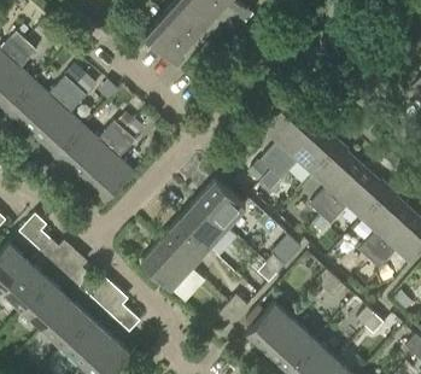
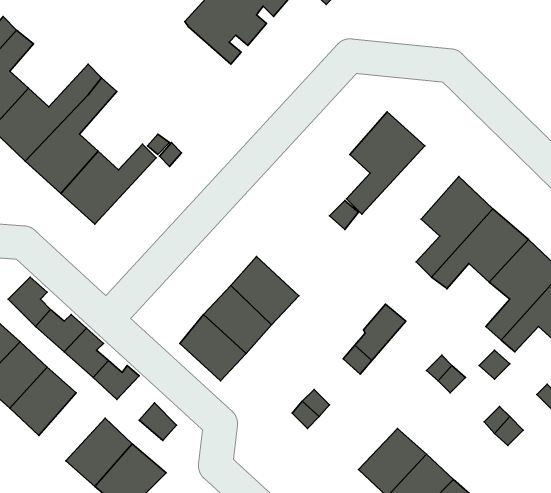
building: [261,123,339,192] -> none
building: [81,132,135,201] -> none
building: [195,180,245,229] -> none
building: [41,298,88,346] -> none
building: [246,303,296,352] -> none

